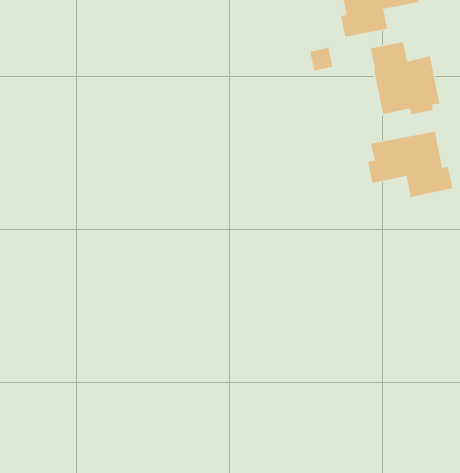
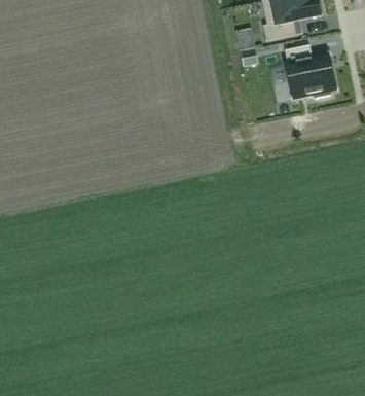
building: [367,131,453,198] -> none

